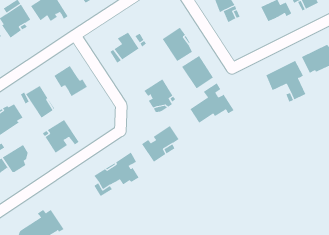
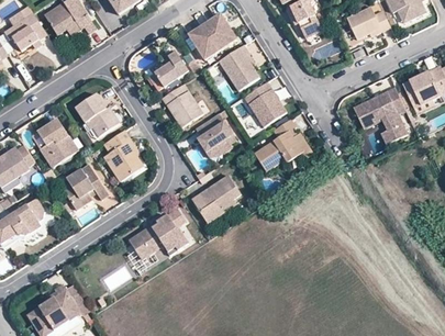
building: none -> [189,13,238,58]
building: none -> [162,83,203,126]
building: none -> [104,130,144,178]

